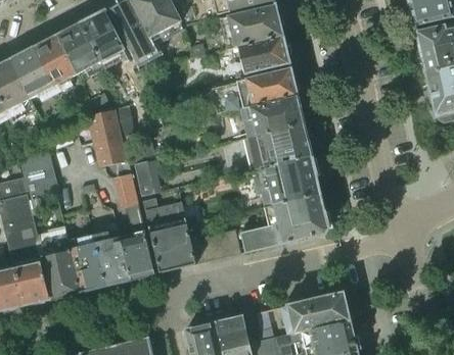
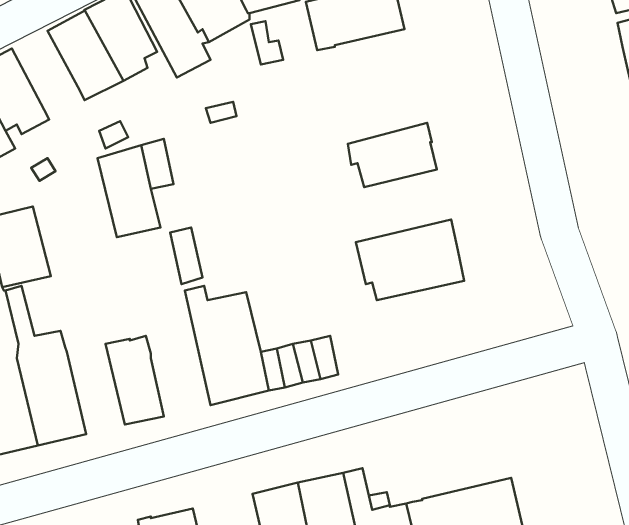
building: [226,35,288,77] -> none
building: [33,36,76,86] -> none
building: [210,67,296,113] -> none
building: [241,123,311,169] -> none
building: [119,172,153,280] -> none
building: [239,194,327,252] -> none
building: [67,234,104,291] -> none
building: [286,292,349,332] -> none

